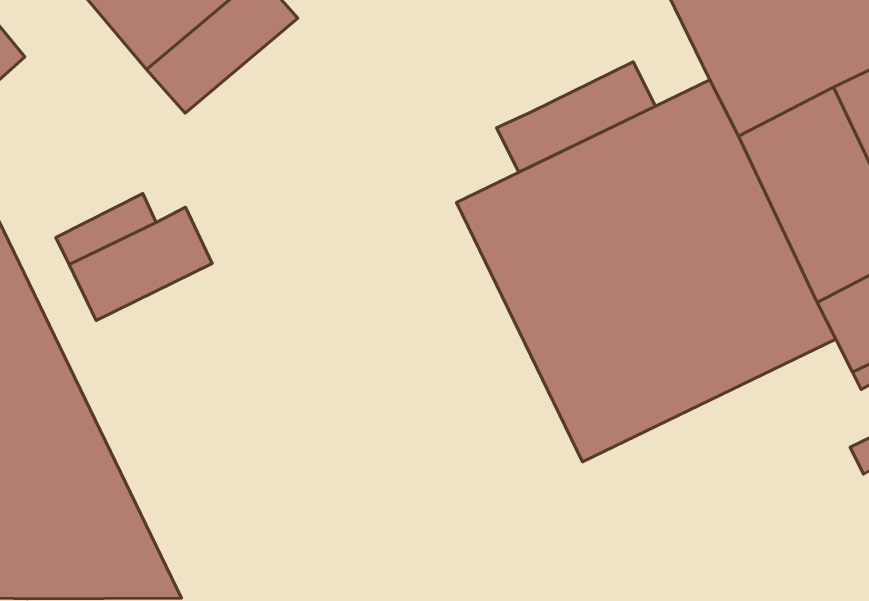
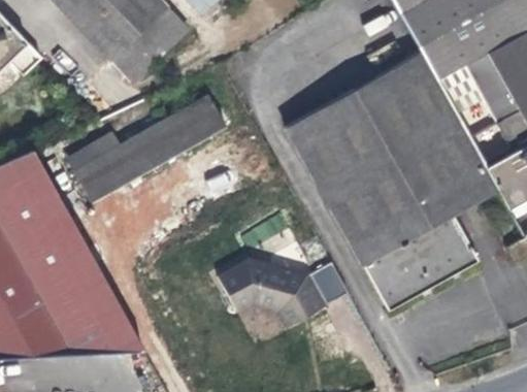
building: [497,62,655,172] -> none
building: none -> [135,95,225,166]
building: none -> [361,213,476,307]
building: none -> [220,243,350,330]

